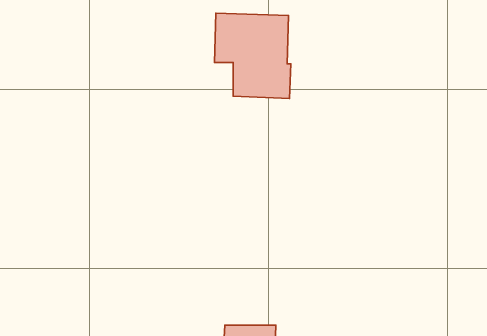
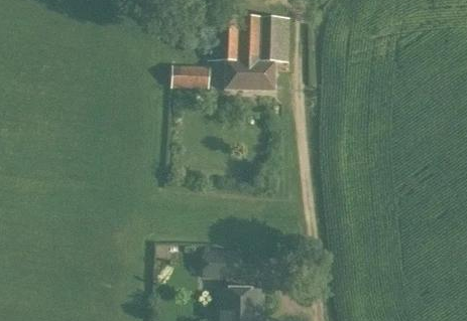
building: none -> [172,66,210,89]
building: none -> [203,251,241,280]

